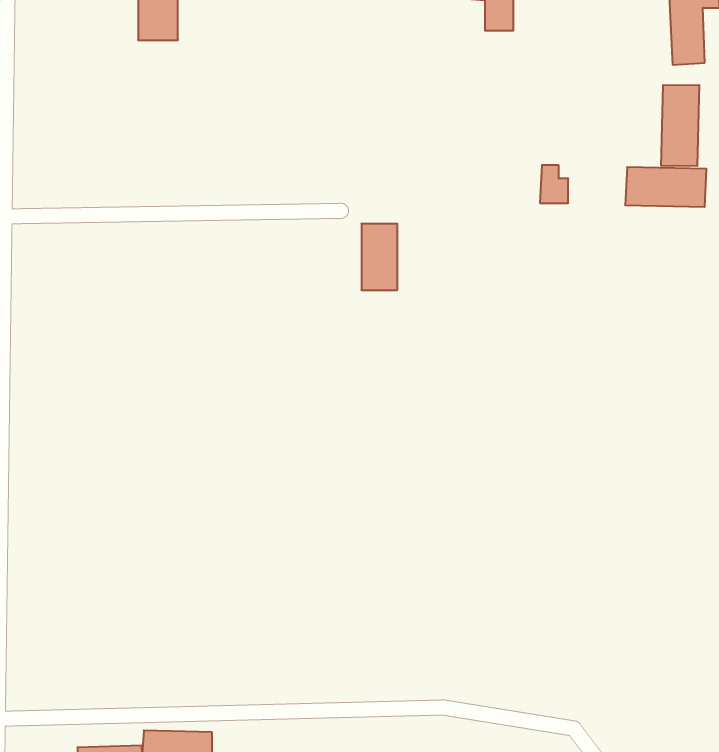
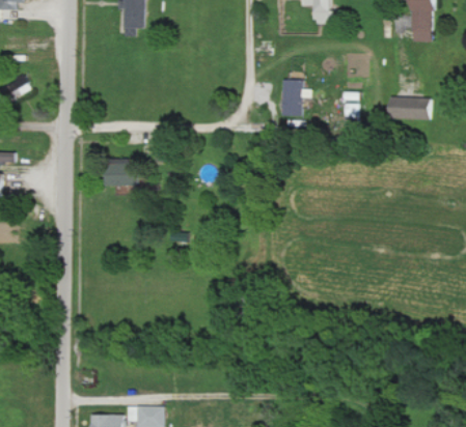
building: [661,85,699,166] -> none
building: [361,224,397,290] -> [280,79,300,115]
building: none -> [107,164,139,186]

